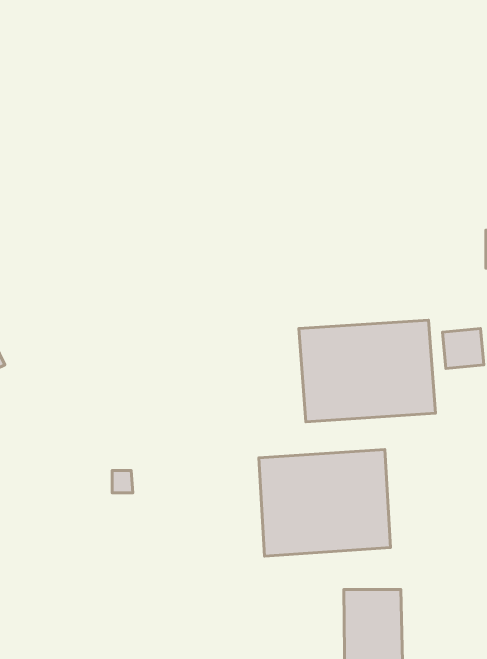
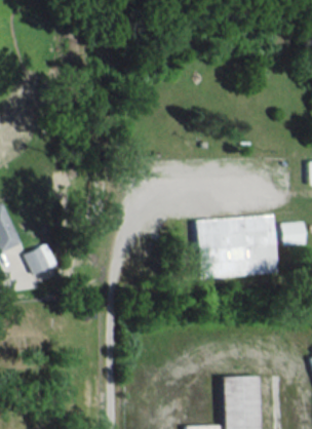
building: none -> [27,246,52,274]
building: [259,450,391,556] -> none

